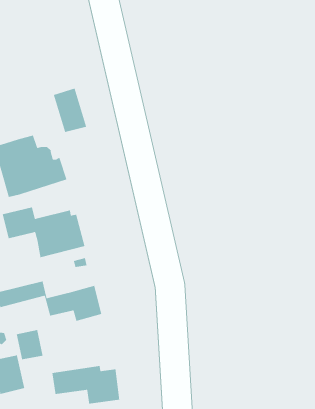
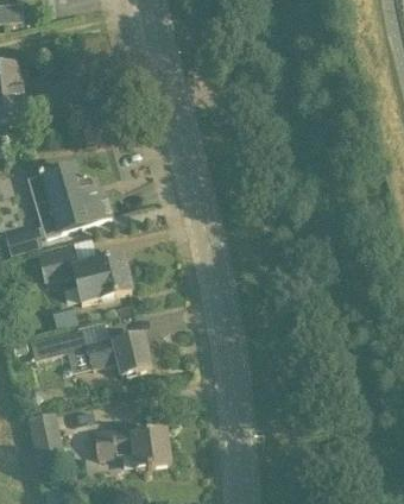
building: [53,88,87,133] -> none
building: [16,329,43,360] -> none

